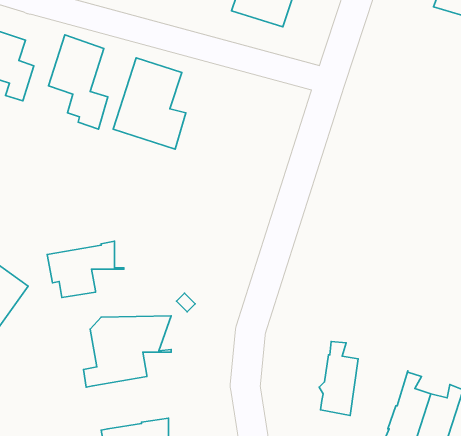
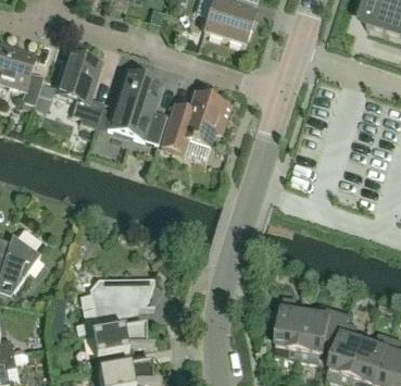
building: none -> [161,91,230,152]
building: [47,241,124,298] -> [91,324,153,370]
building: none -> [299,307,349,361]

